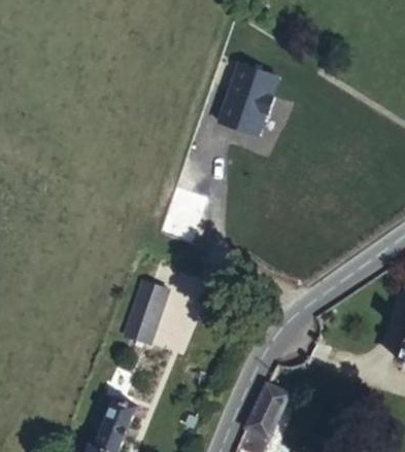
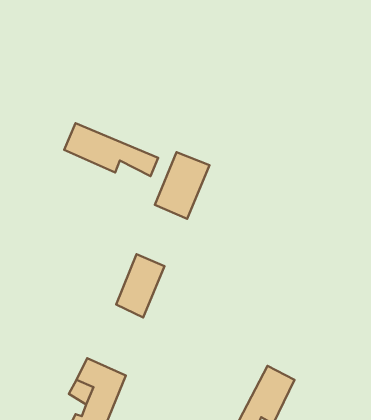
building: [226,62,289,136] -> none
building: none -> [64,123,158,176]

